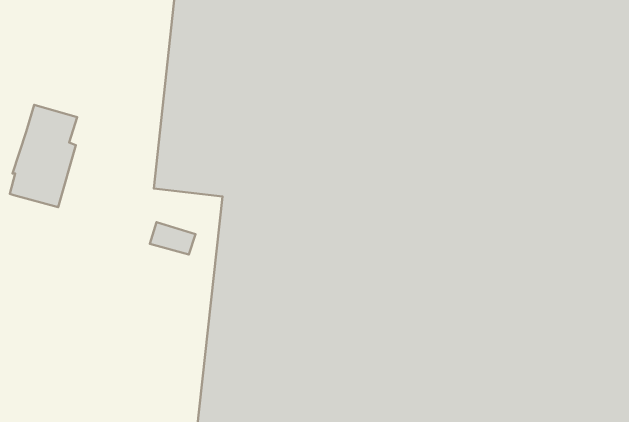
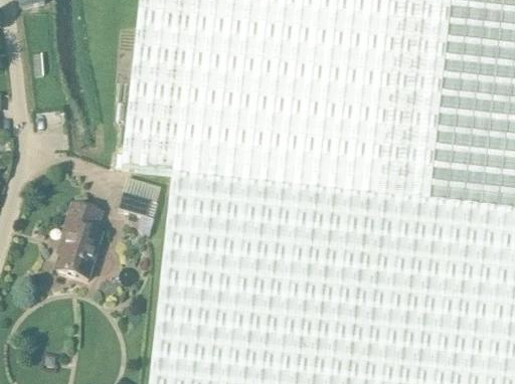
building: [10,105,77,207] -> [53,208,104,284]

